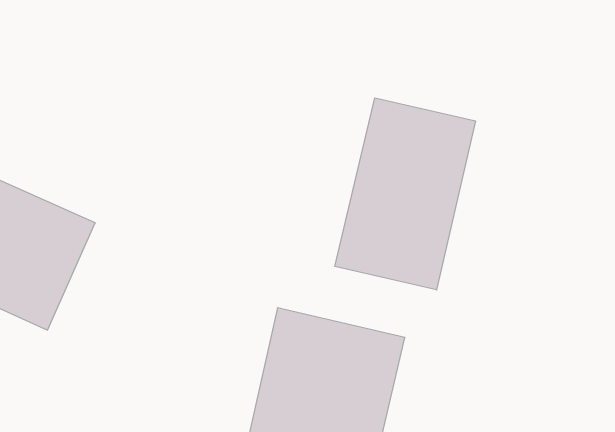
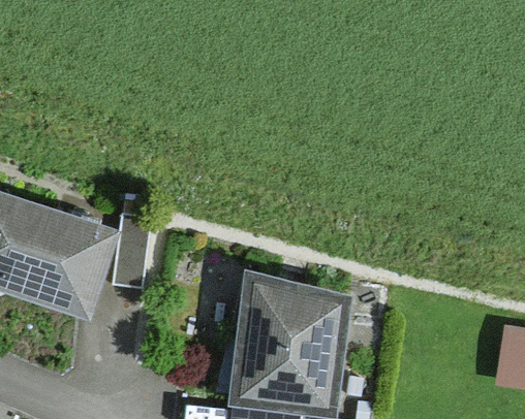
building: [335,98,475,290] -> none

